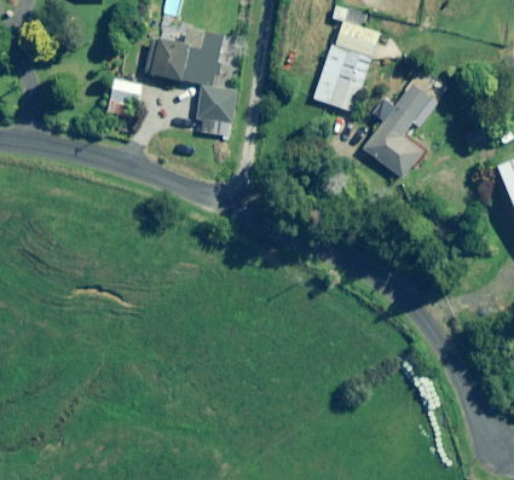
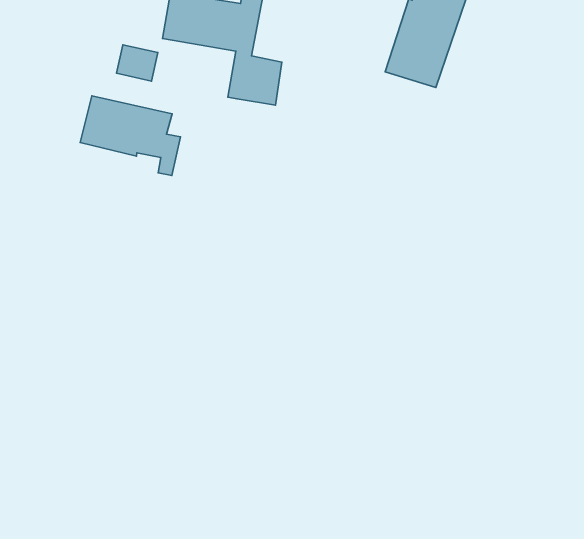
building: [364,86,437,178] -> none
building: none -> [80,96,180,175]

